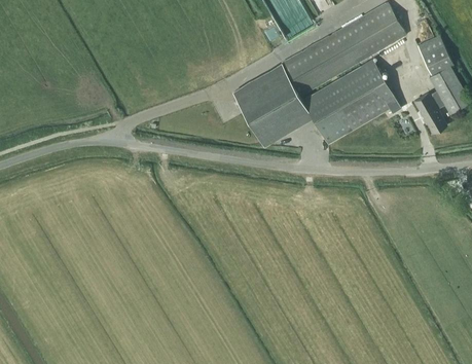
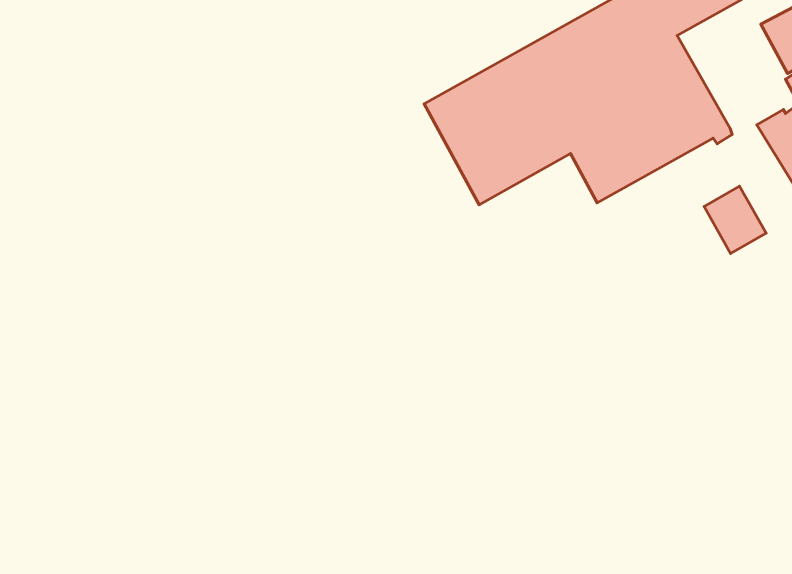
building: none -> [704,186,766,254]

